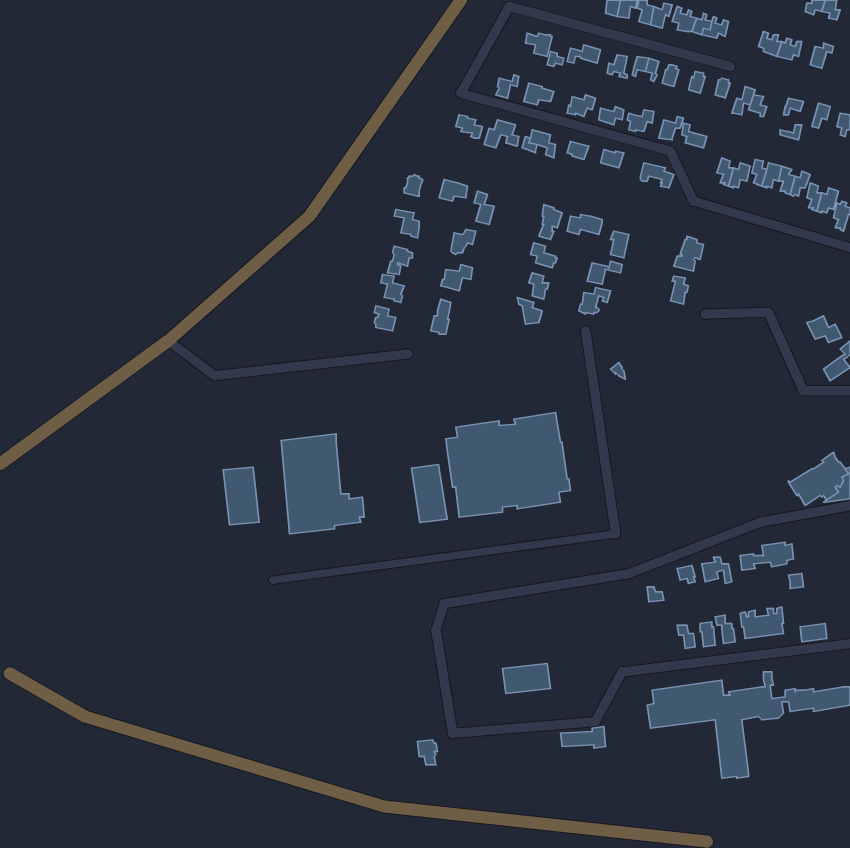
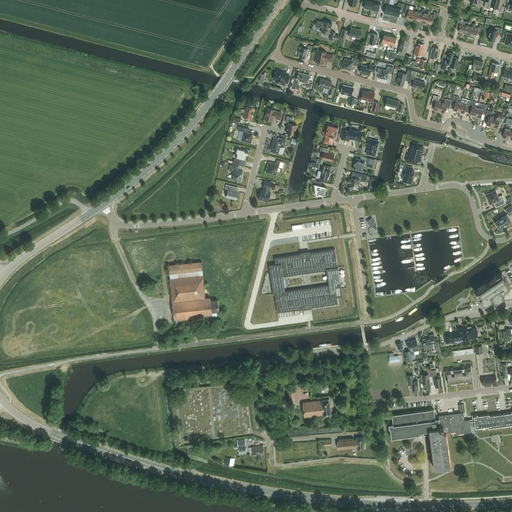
building: [411,465,447,523] -> none
building: [223,467,259,525] -> none

